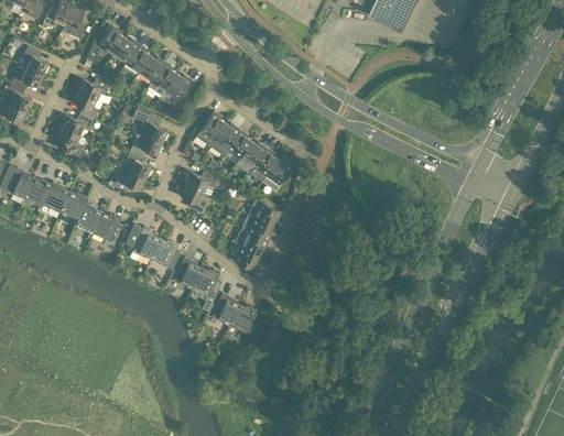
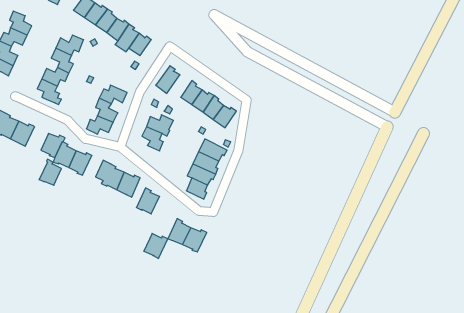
building: [132,109,167,143] -> none
building: [209,122,239,153] -> none
building: [42,181,68,211] -> [39,159,61,185]
building: [191,266,219,296] -> [144,233,168,258]

